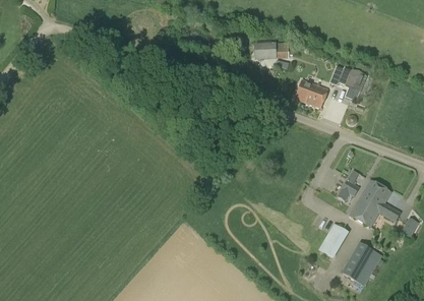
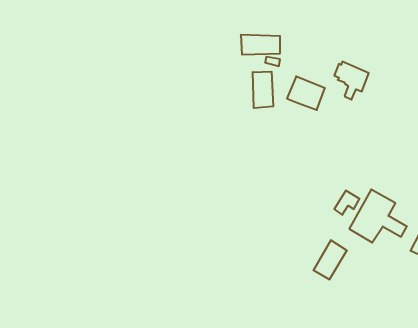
building: none -> [253,72,273,108]
building: [343,242,379,287] -> none

